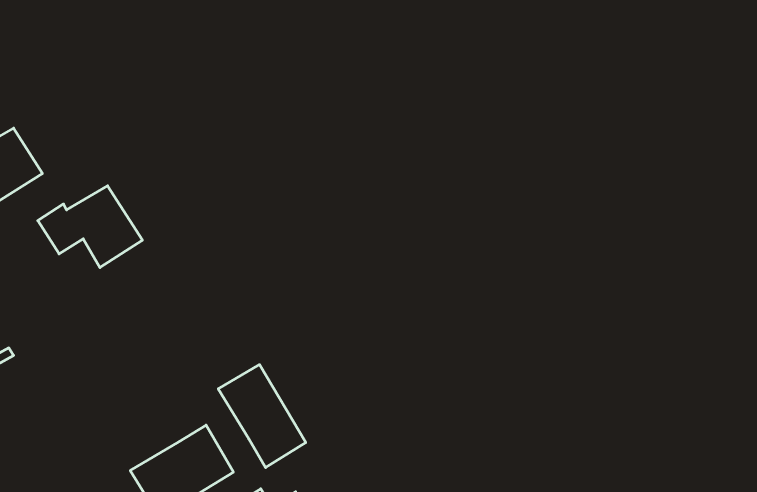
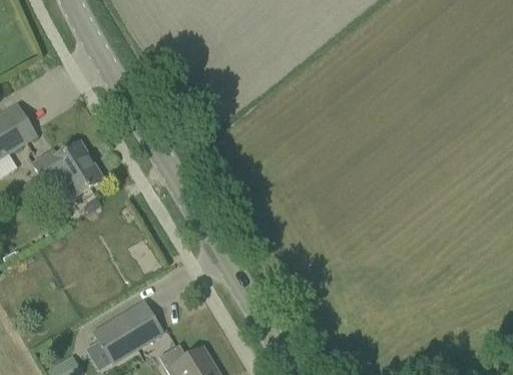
building: [218,365,306,468] -> none

